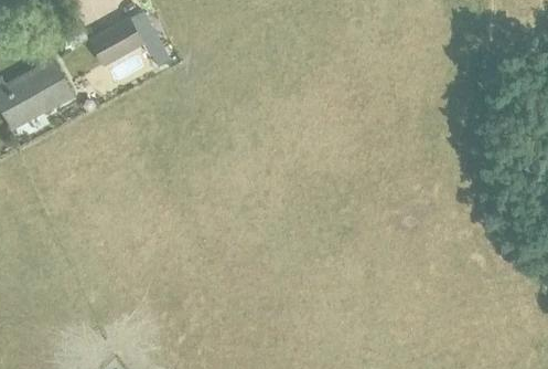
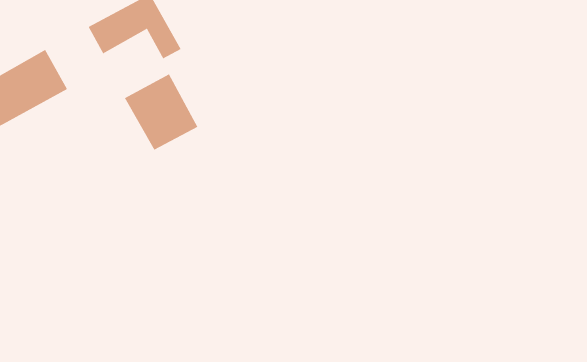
building: none -> [124,74,198,150]

